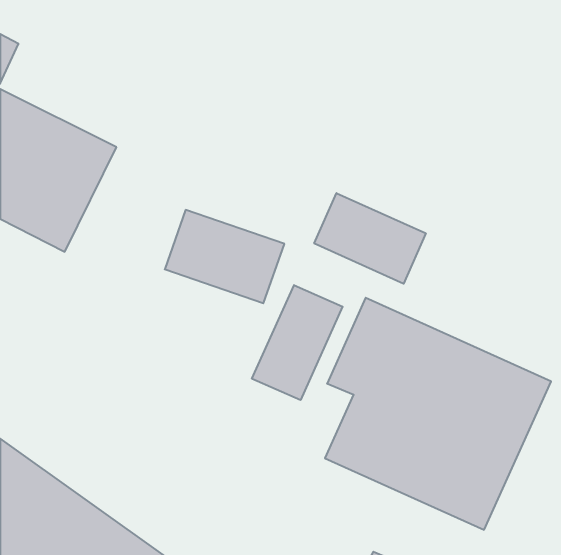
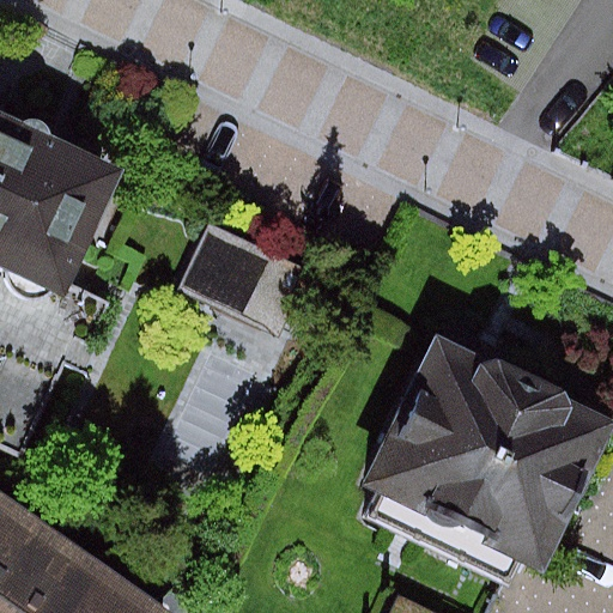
building: [314,193,426,284] -> none
building: [252,285,343,400] -> none

